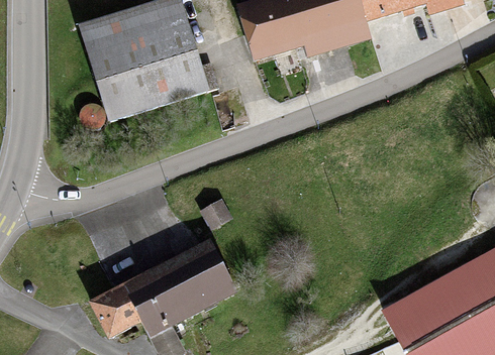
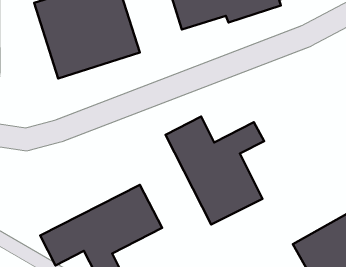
building: none -> [165,117,264,225]

